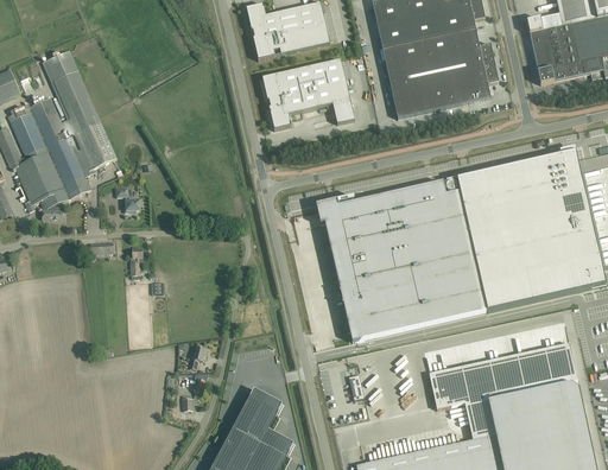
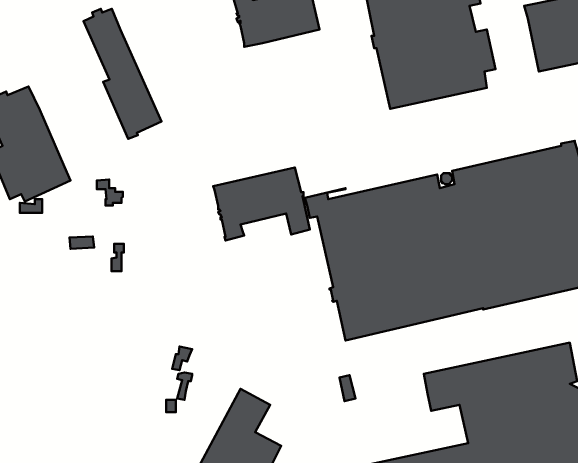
building: [42,49,116,173] -> [83,9,161,139]
building: [261,58,354,128] -> [213,168,310,241]

